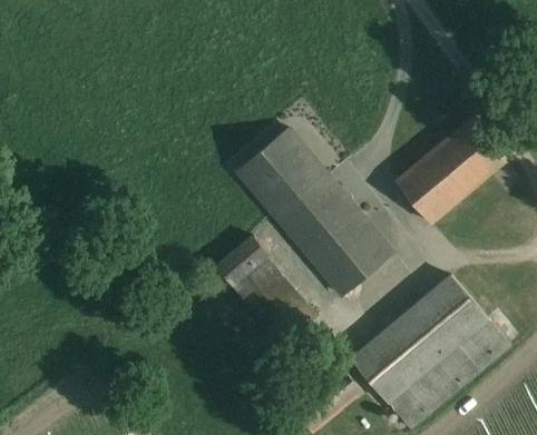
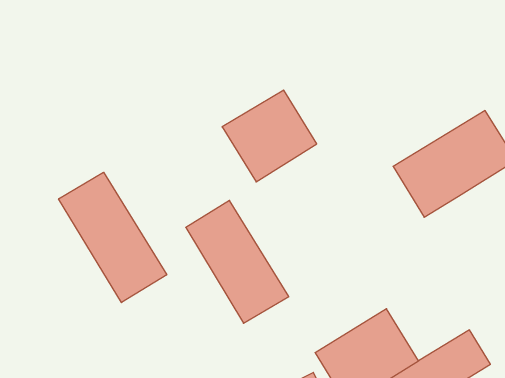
building: [275,171,393,295] -> none
building: none -> [59,172,167,303]
building: [409,276,486,352] -> none

